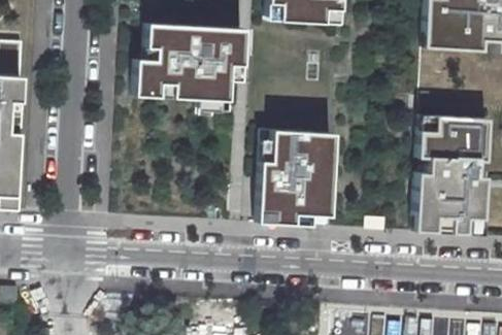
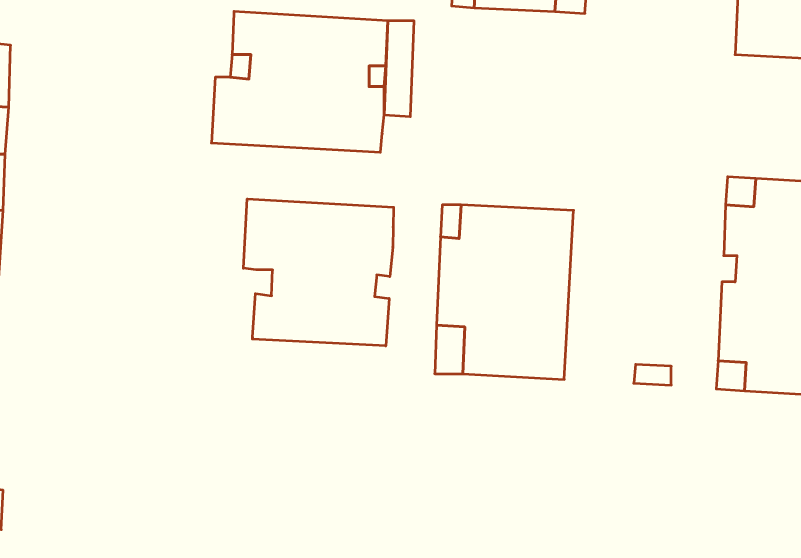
building: none -> [243,199,394,346]

